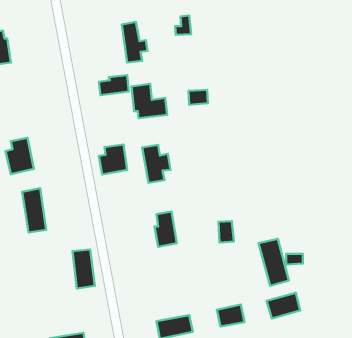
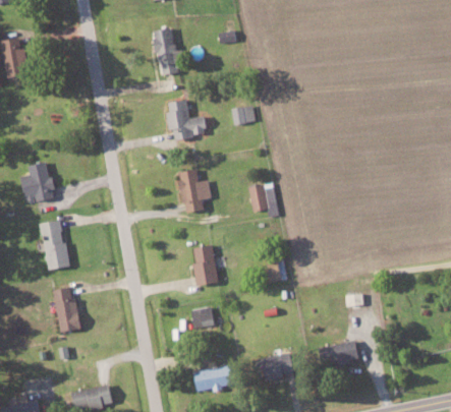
building: [99,75,129,95] -> none
building: [99,144,127,174] -> none
building: none -> [247,183,277,218]
building: [259,239,289,286] -> none
building: [72,249,95,288] -> [54,287,79,332]
building: none -> [188,306,214,330]

